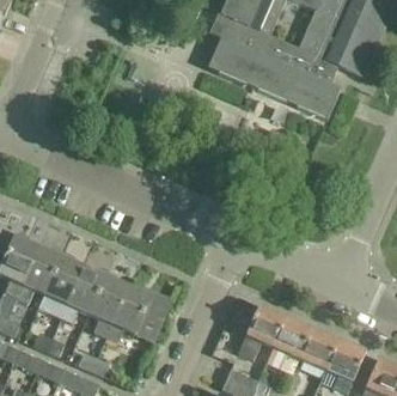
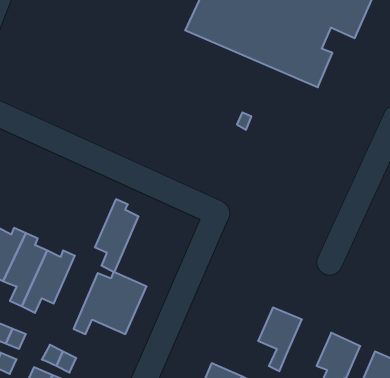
building: [88,270,128,336] -> [95,199,139,272]
building: [238,304,286,359] -> none
building: [299,328,338,370] -> none

